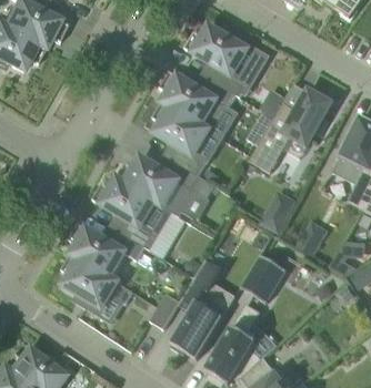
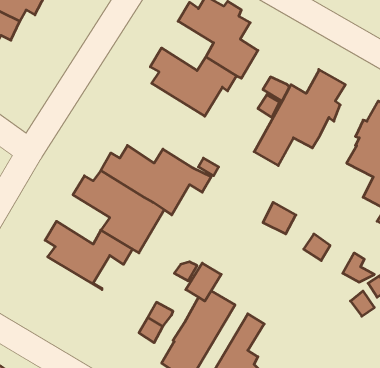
building: [152,102,208,176] -> none
building: [61,254,133,308] -> none
building: [241,254,287,302] -> none

